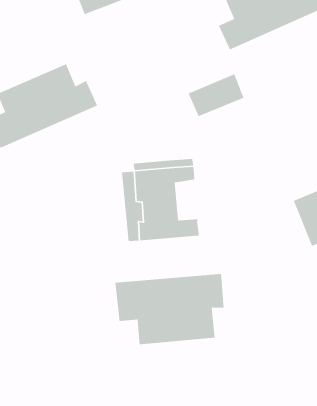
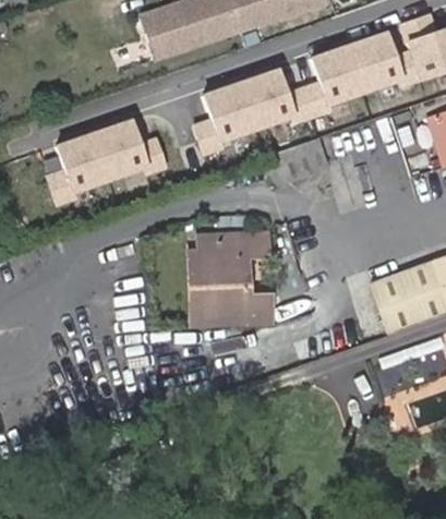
building: none -> [193,62,315,152]
building: [114,273,225,345] -> none

